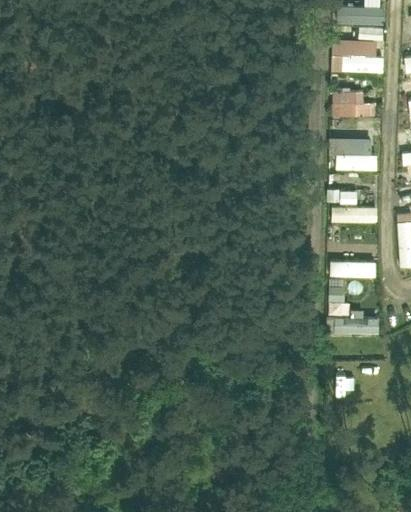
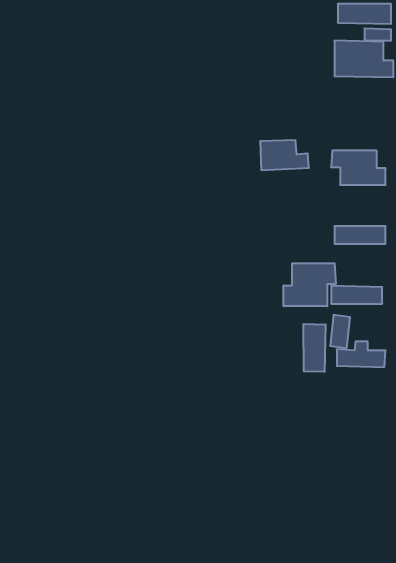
building: [332,91,376,118] -> [260,140,309,170]
building: none -> [284,263,336,306]
building: none -> [303,324,326,372]

